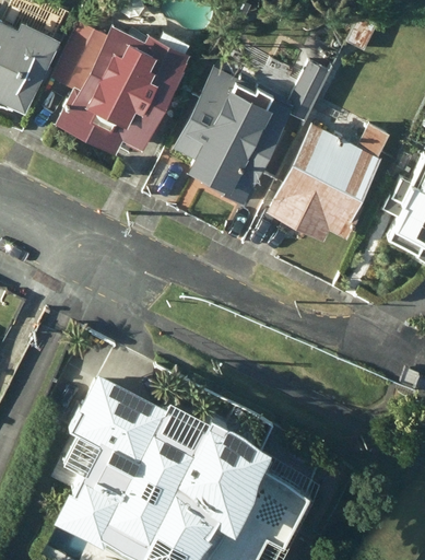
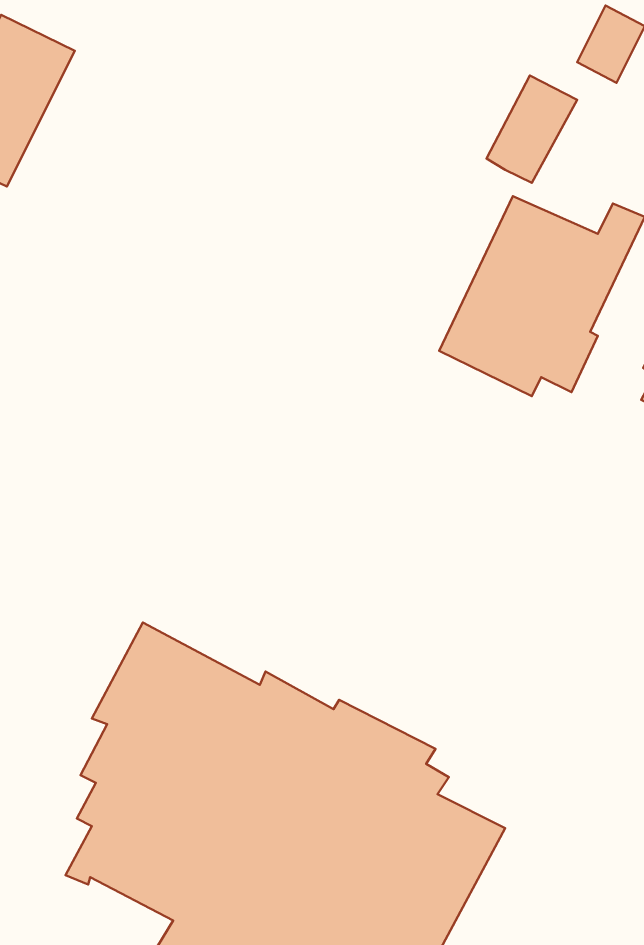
building: [52,23,187,154] -> none
building: [176,69,290,207] -> none

